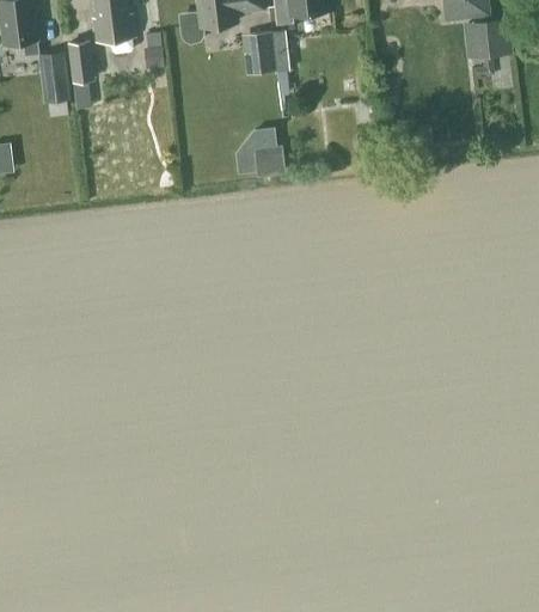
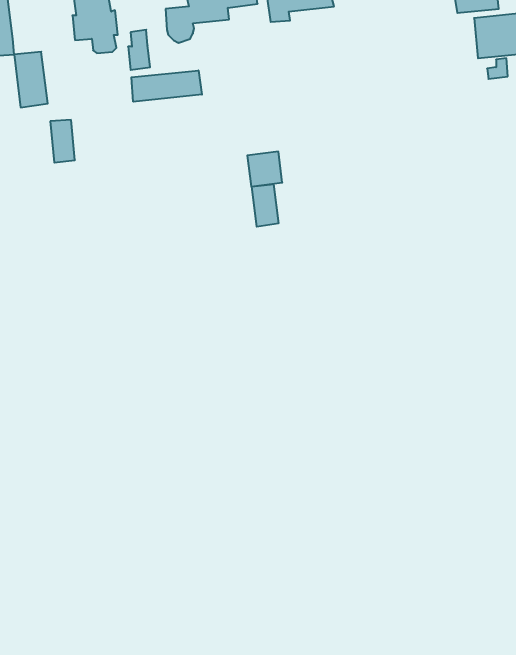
building: [243,30,277,74] -> none
building: [69,41,92,80] -> [50,120,75,163]
building: none -> [131,70,202,102]
building: none -> [252,184,278,227]

